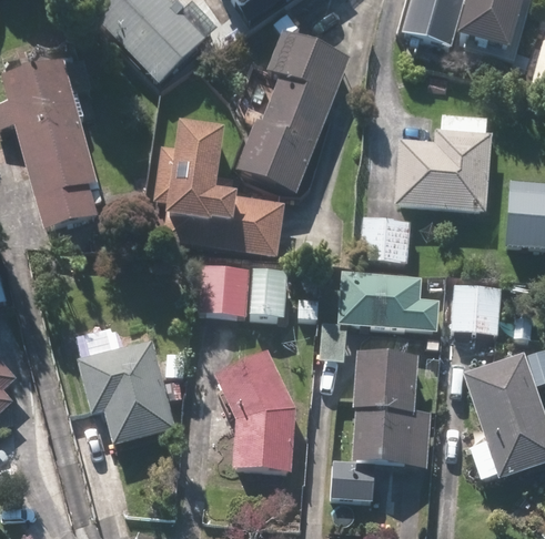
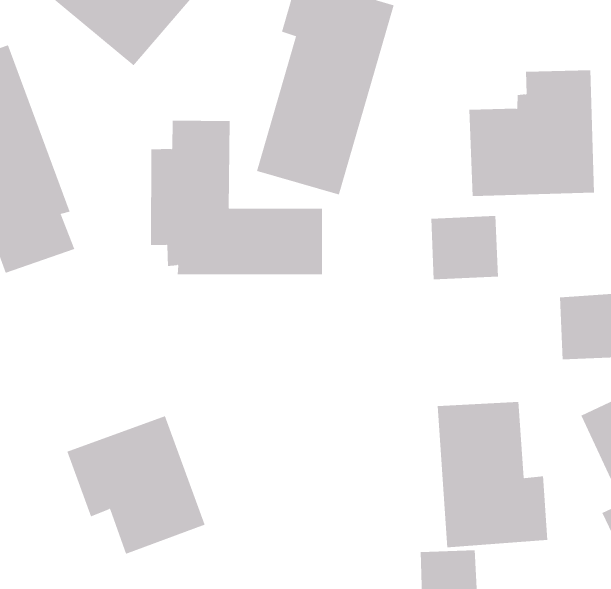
building: [223,265,285,318] -> none
building: [336,272,438,328] -> none
building: [216,352,295,471] -> none

